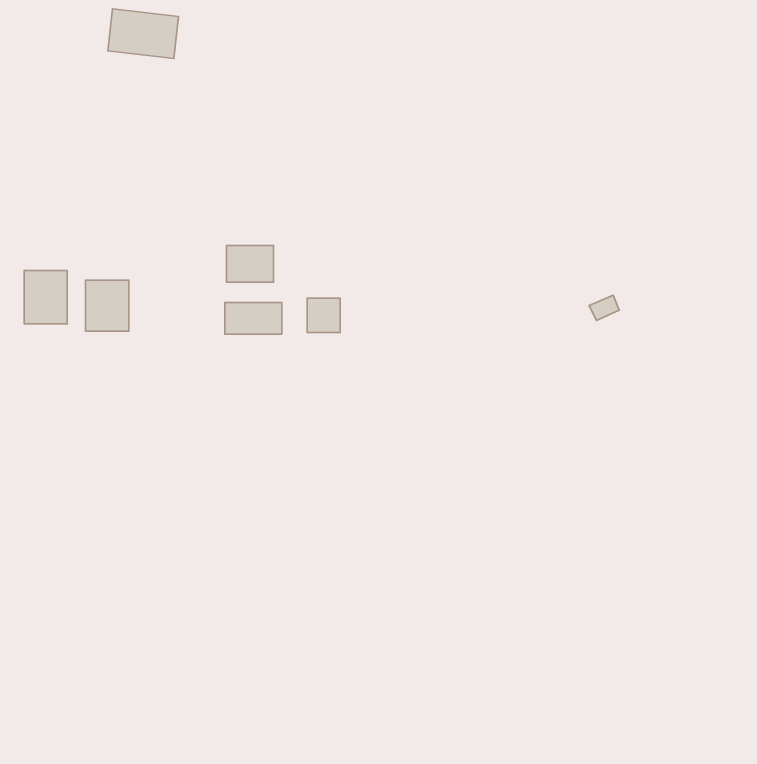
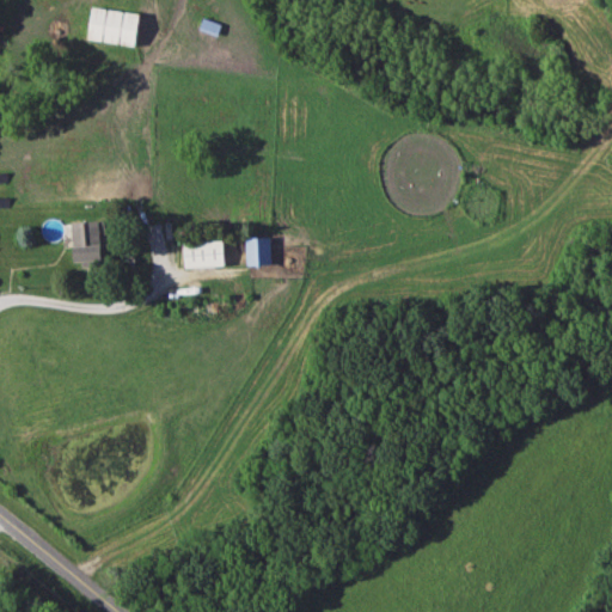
building: [226,246,273,282] -> none
building: [24,270,67,324] -> none

